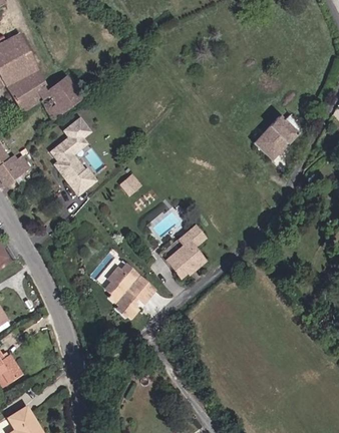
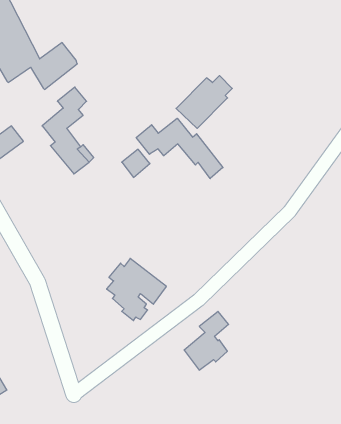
building: [254,112,302,157] -> [176,76,232,128]
building: none -> [136,118,223,179]
building: [165,227,204,277] -> [184,311,229,370]

